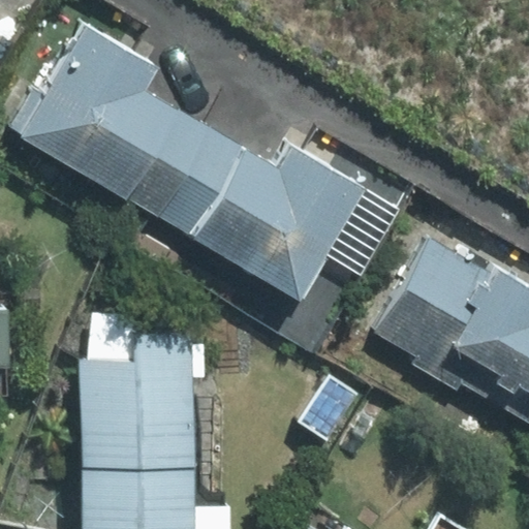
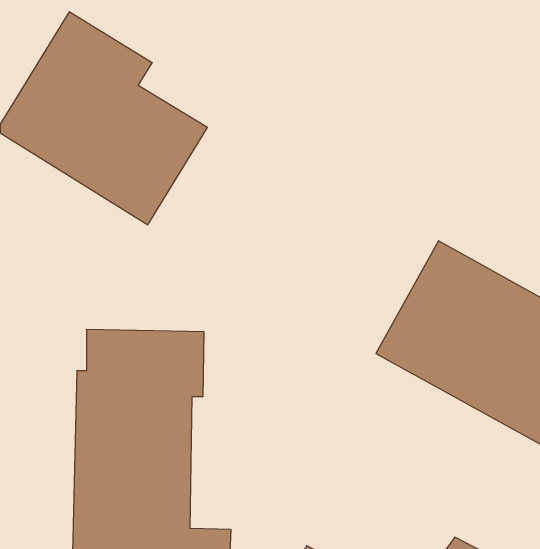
building: [153,125,366,306] -> none

